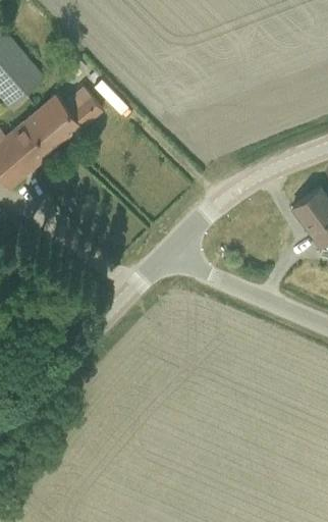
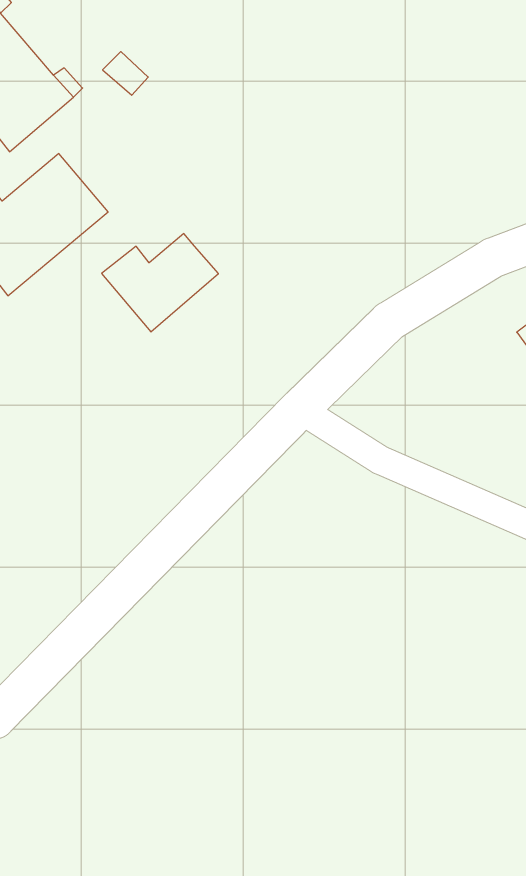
building: [36,88,101,143] -> [102,234,218,332]

